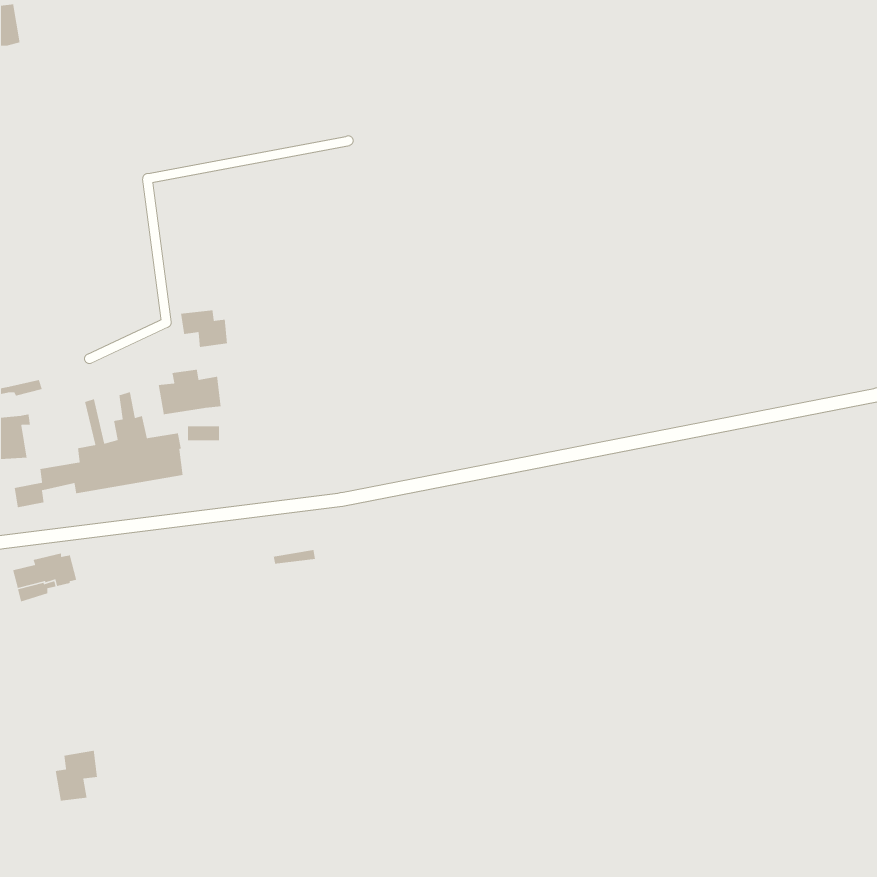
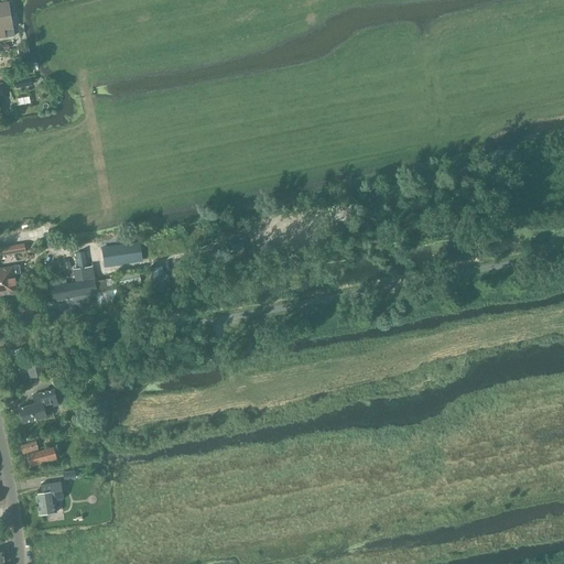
building: [180,309,228,348] -> none
building: none -> [19,390,57,423]
building: none -> [20,432,57,466]

